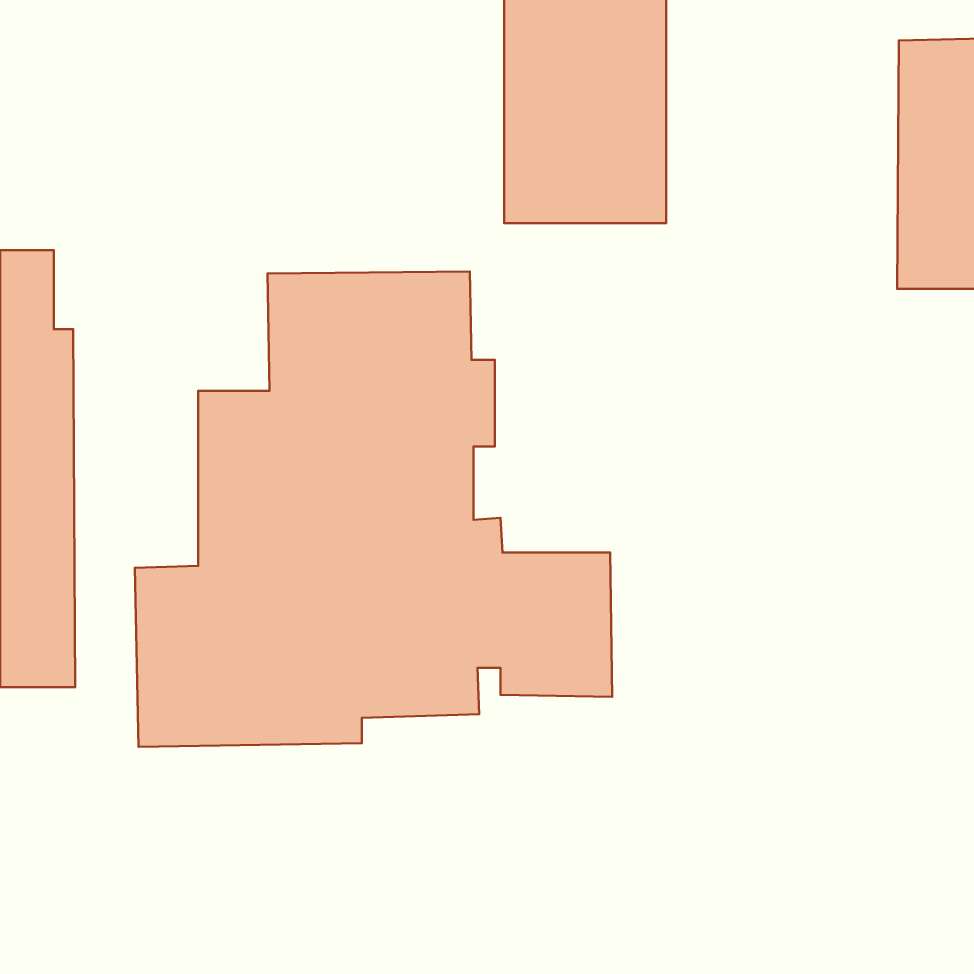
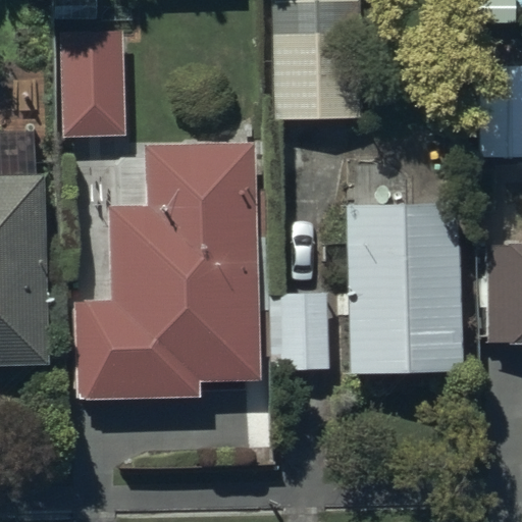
building: none -> [61,29,125,136]
building: none -> [346,206,459,373]

